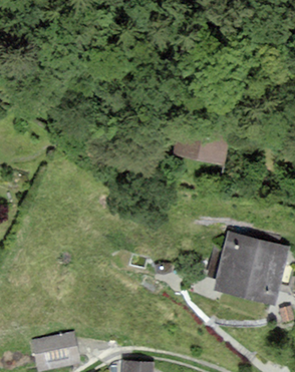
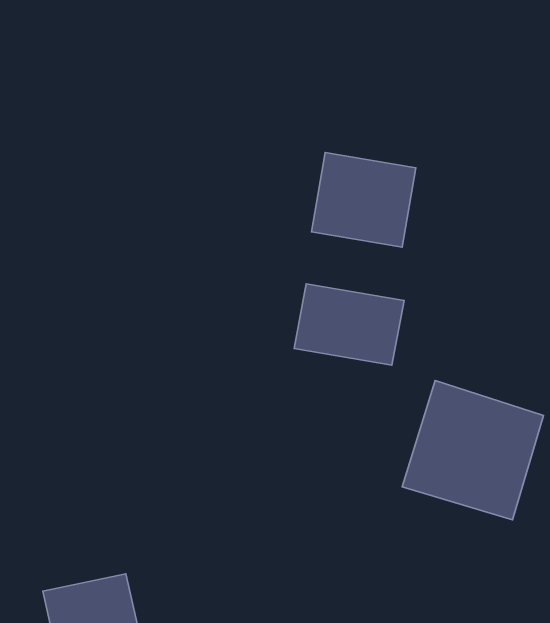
building: none -> [294,284,404,365]

